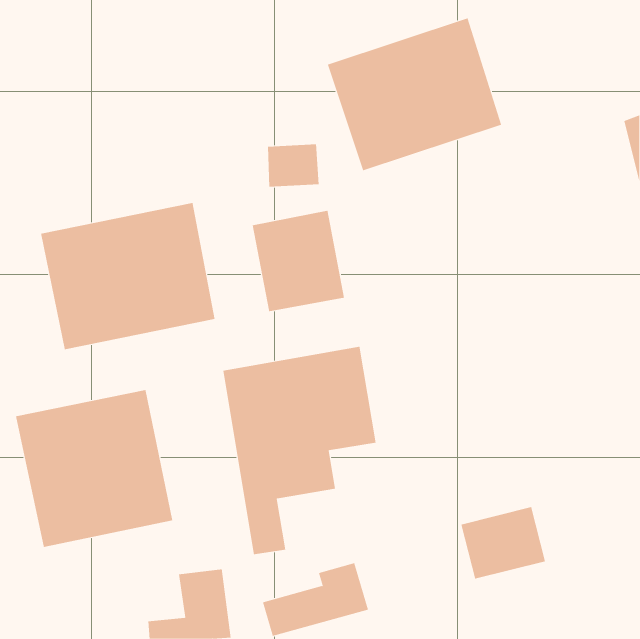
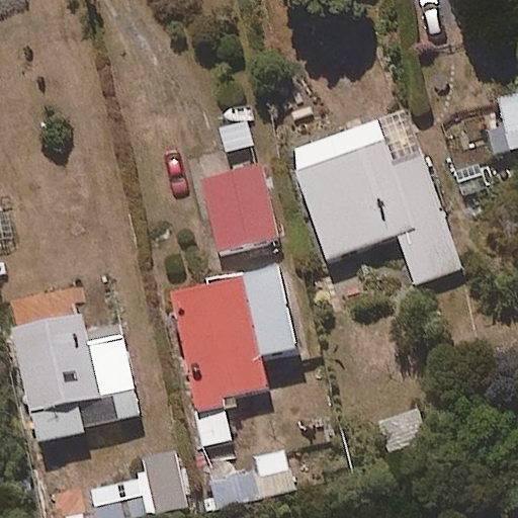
building: [327,18,502,171] -> none
building: none -> [289,112,458,281]
building: [41,202,215,350] -> none

